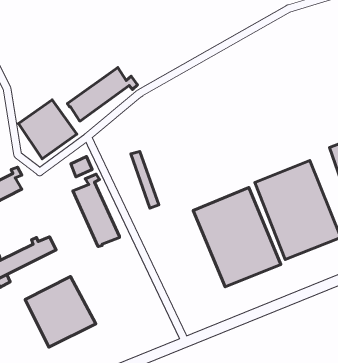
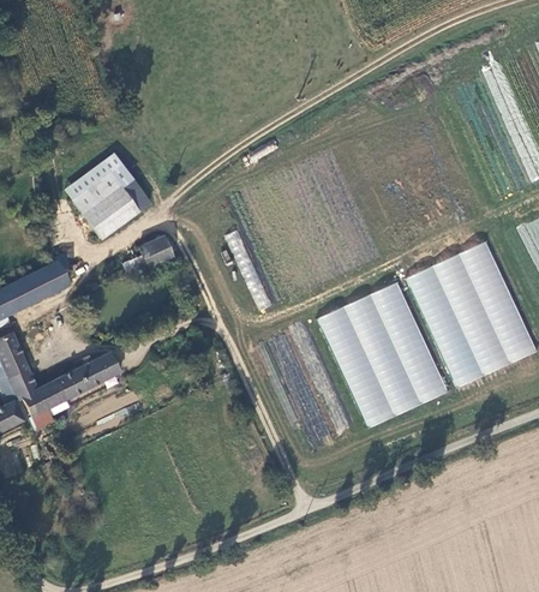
building: [68,68,137,121] -> none
building: [73,174,119,247] -> none
building: [25,277,96,347] -> none

